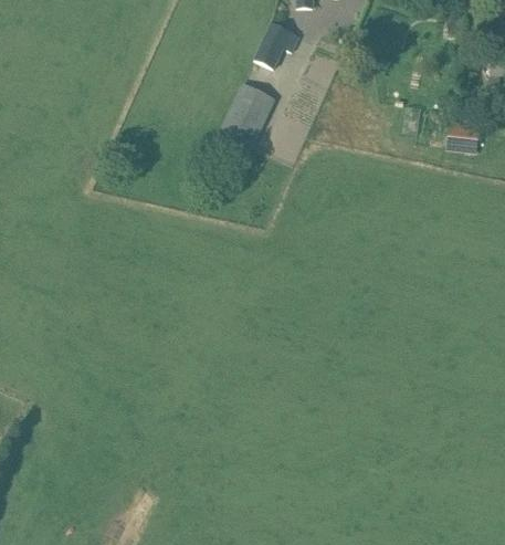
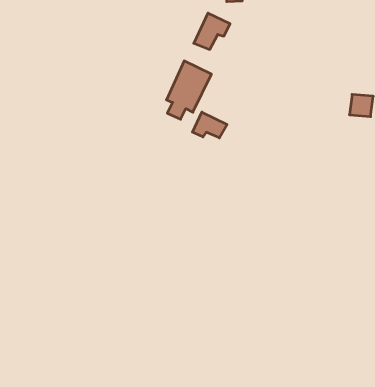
building: none -> [192,112,227,138]

